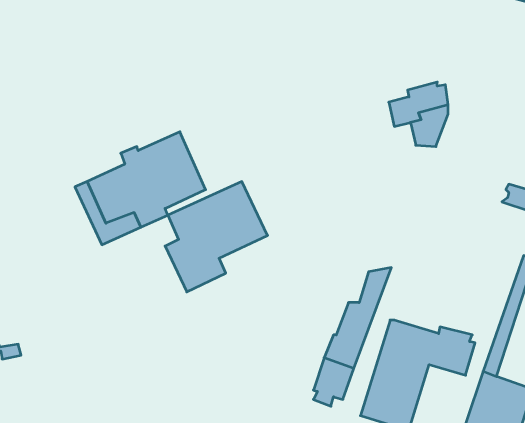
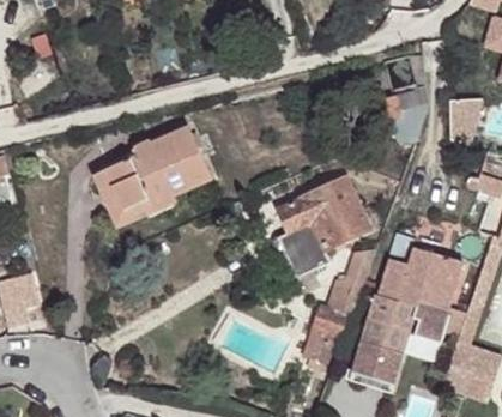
building: none -> [450,99,483,145]
building: [165,182,268,292] -> [277,180,368,278]
building: none -> [377,248,462,309]

